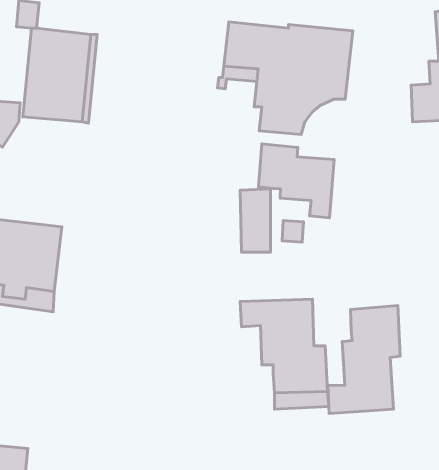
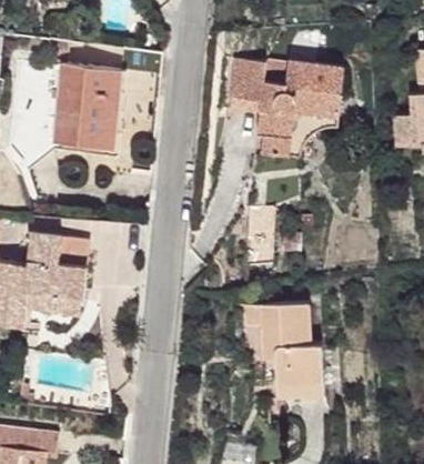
building: [259,144,334,218] -> none
building: [328,306,400,414] -> none

